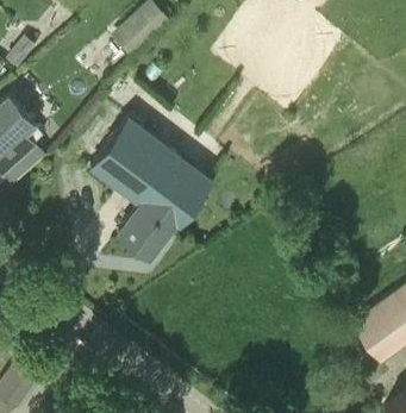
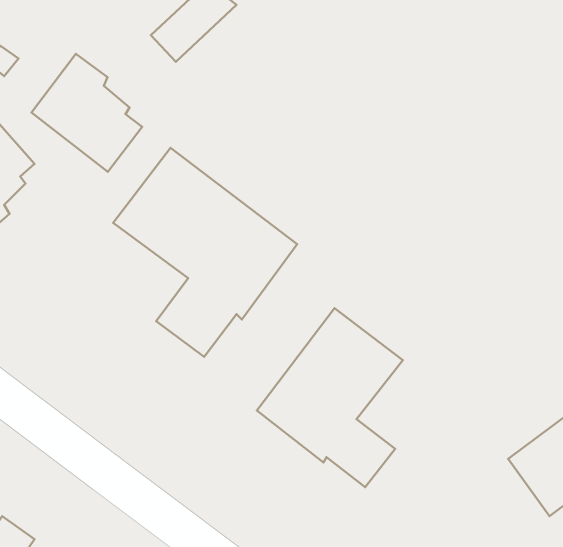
building: none -> [32,54,142,172]
building: none -> [257,308,403,487]

